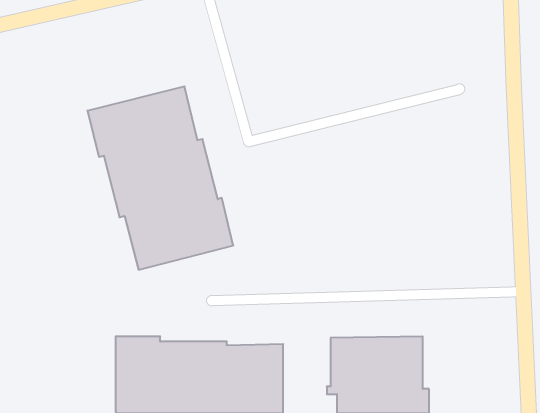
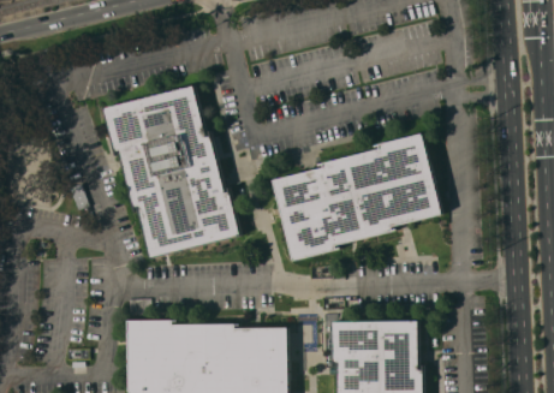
building: none -> [274,132,441,260]

